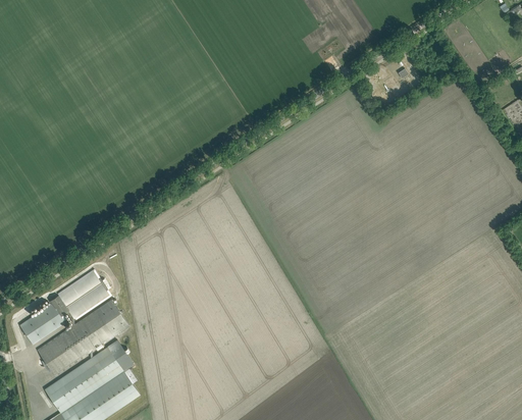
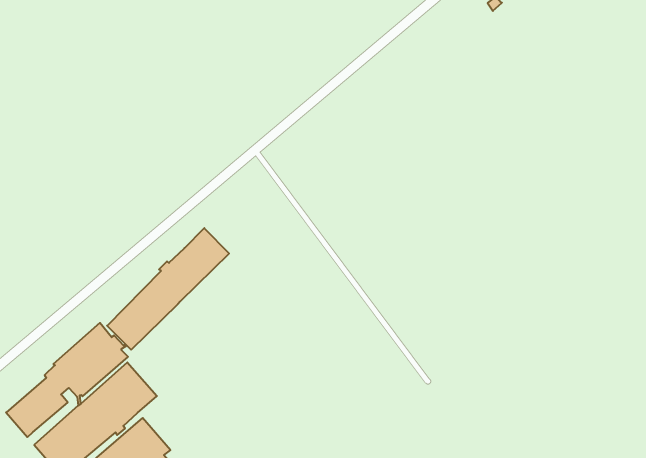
building: none -> [107,228,229,350]

